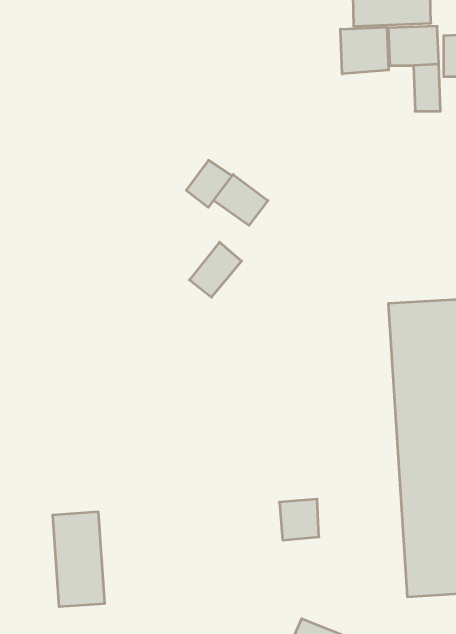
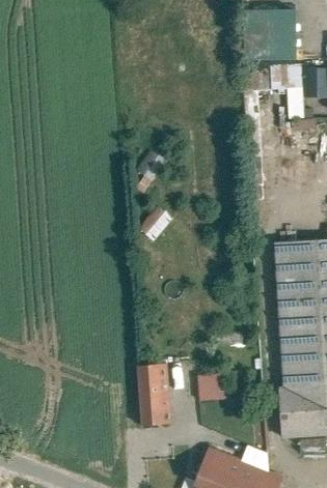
building: [340,27,389,74] -> none
building: [214,174,268,225] -> none
building: [53,512,105,607] -> [138,362,172,424]

